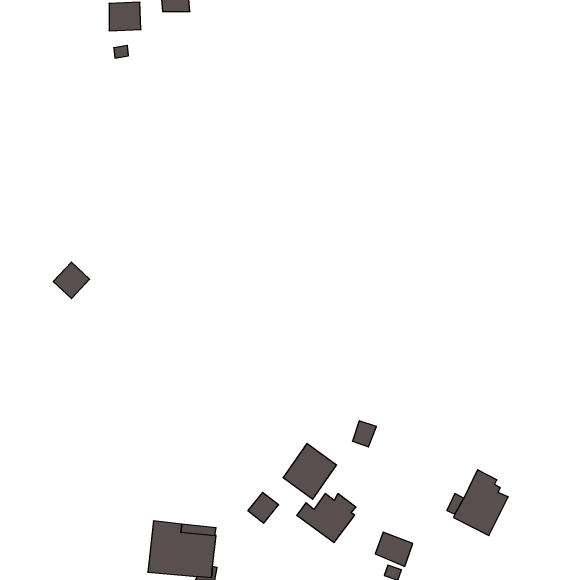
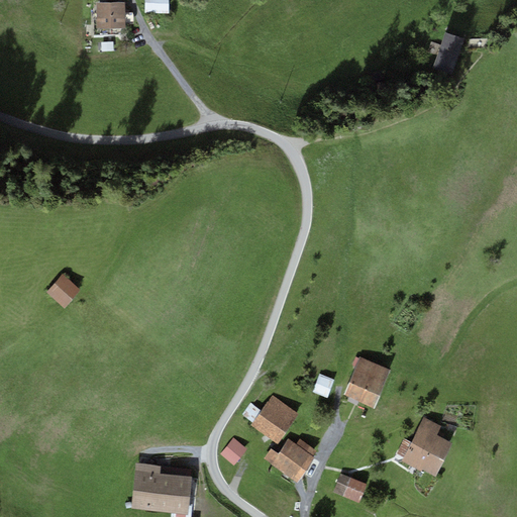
building: none -> [434,31,462,73]
building: [53,262,90,299] -> [47,274,80,306]
building: none -> [344,355,392,407]

